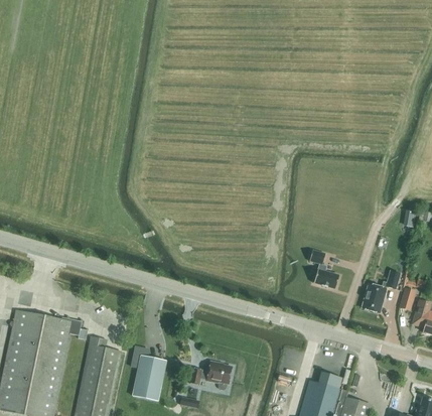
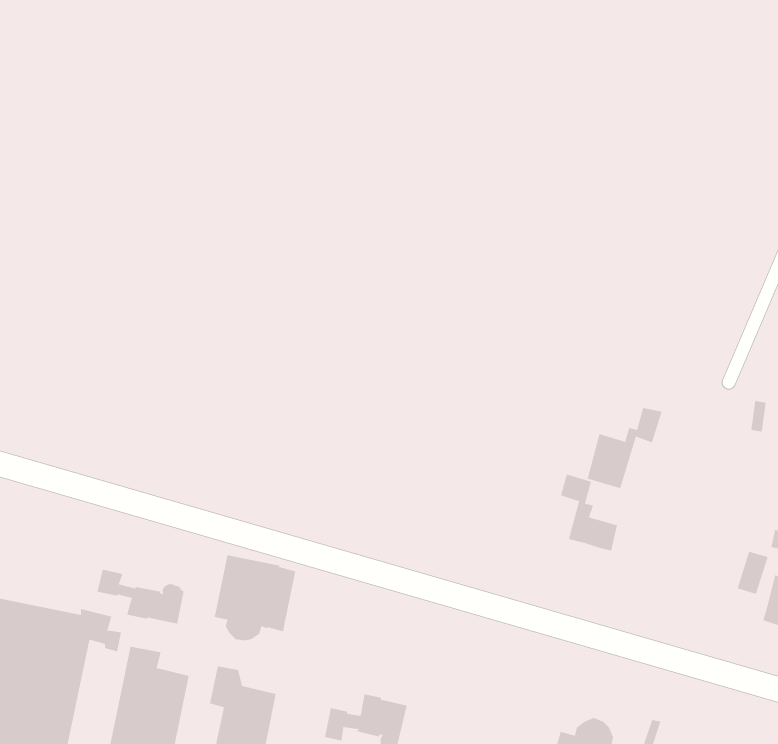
building: [362,270,400,311] -> [587,408,662,489]
building: none -> [214,555,296,641]
building: none -> [97,569,184,624]

